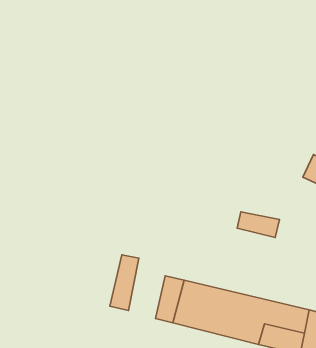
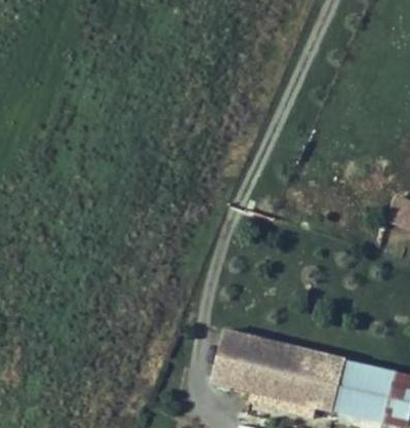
building: [237,212,280,237] -> none
building: [110,255,139,310] -> none

